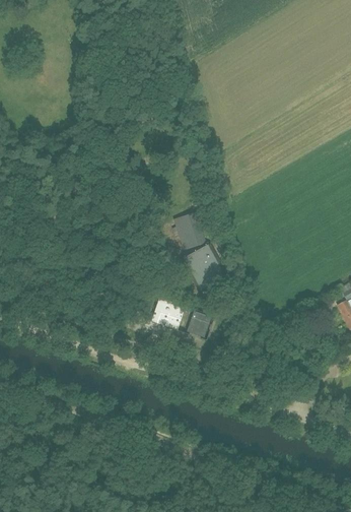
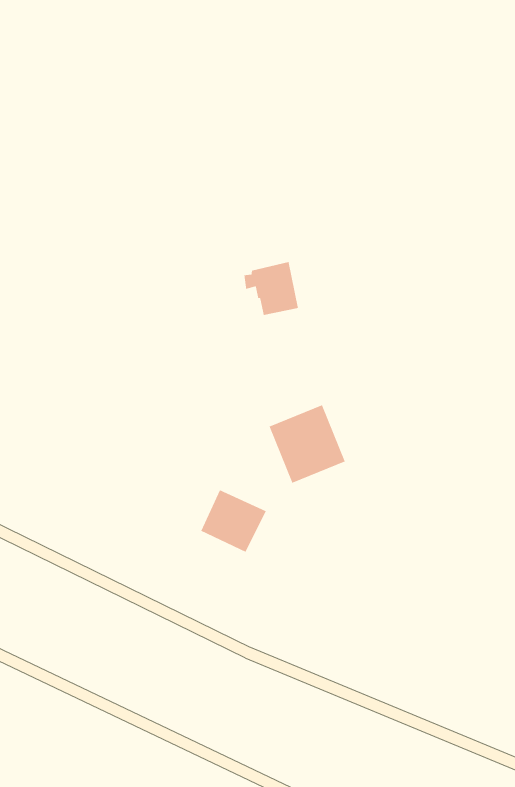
building: [171,217,204,249] -> [243,261,299,316]
building: [187,311,210,337] -> none

